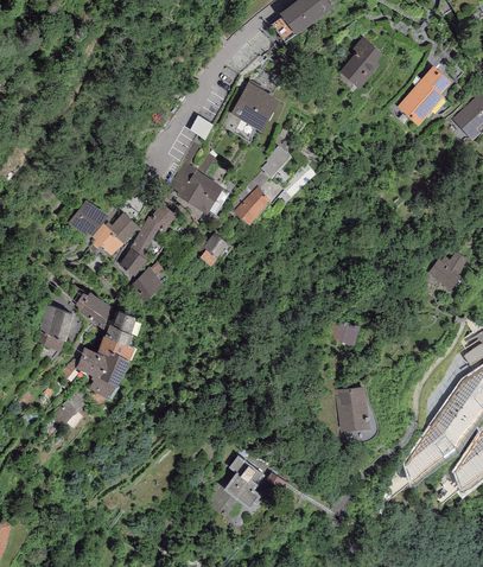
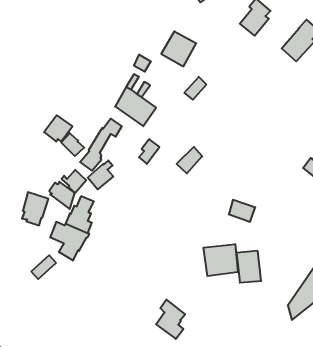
building: [234,187,269,224] -> [177,147,202,173]
building: [104,212,139,244] -> [62,170,86,193]
building: none -> [204,244,238,276]

